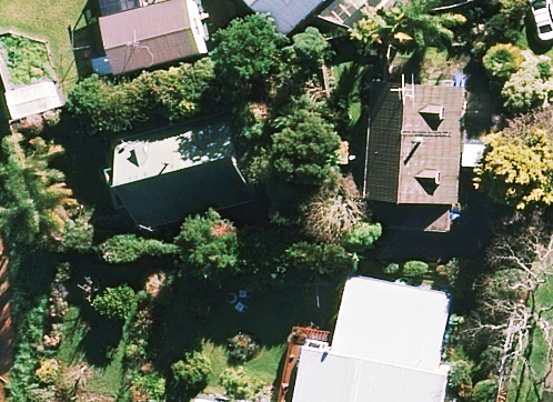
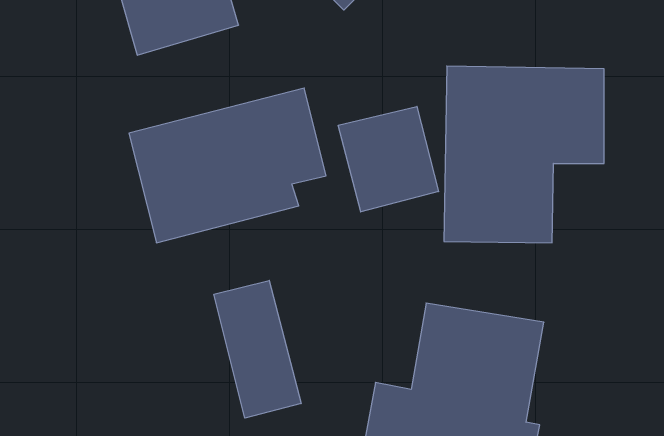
building: none -> [338,106,439,212]
building: none -> [214,280,301,418]

